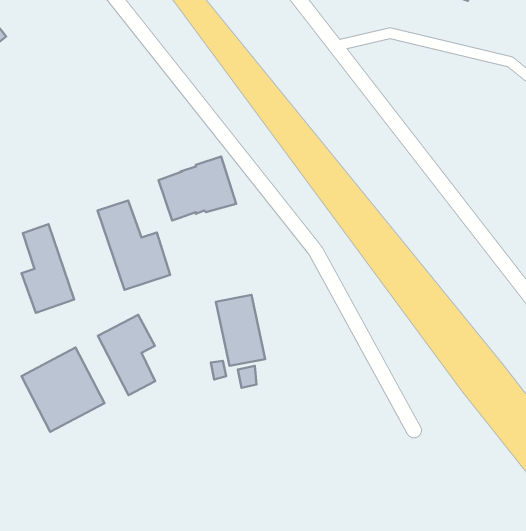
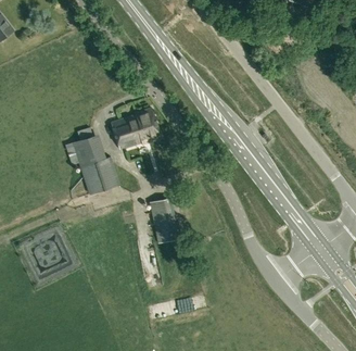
building: [22,224,74,313] -> none
building: [98,315,155,395] -> none

